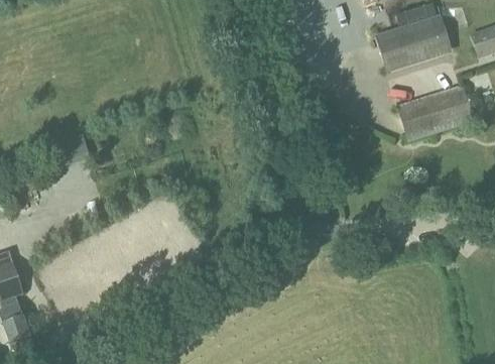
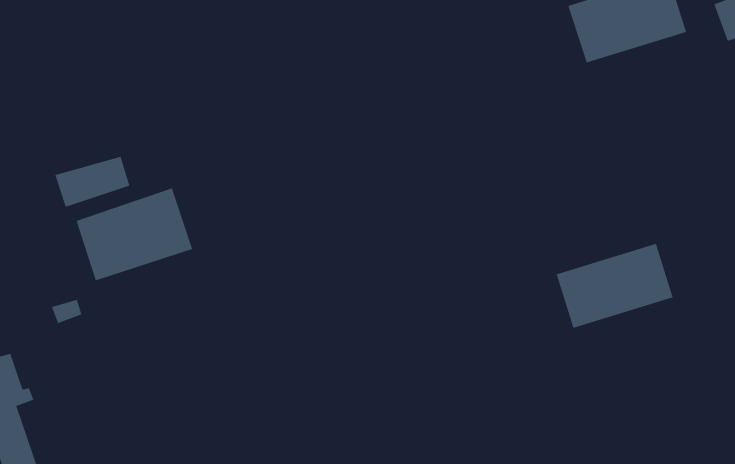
building: [397,84,474,139] -> [556,243,674,329]
building: none -> [76,188,193,281]

